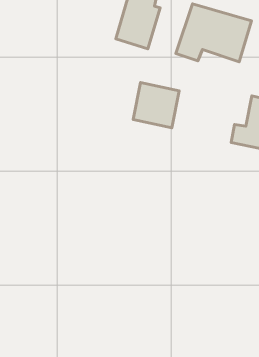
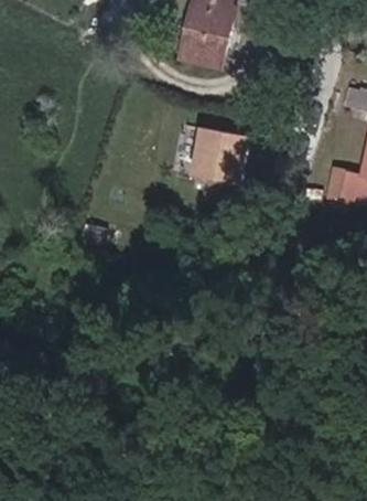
building: [176,4,251,62] -> none

